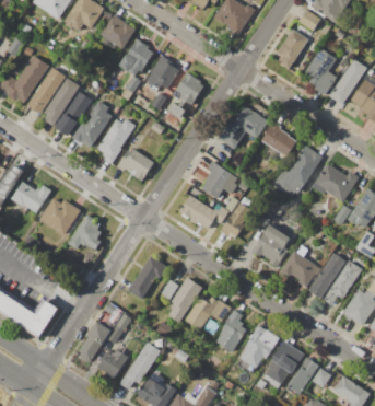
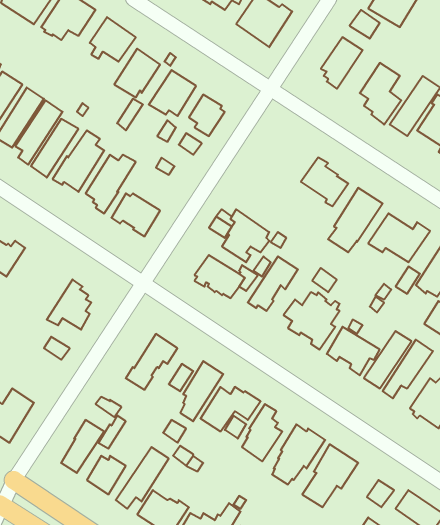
building: [220,104,268,148] -> none
building: [40,198,81,235] -> none
building: [288,357,319,395] -> none

